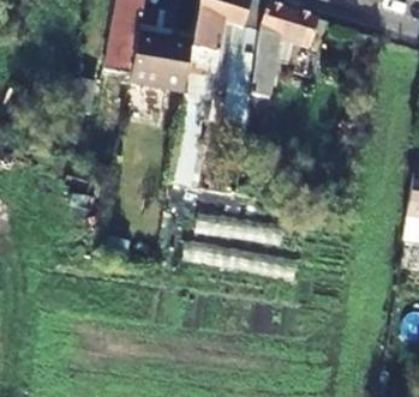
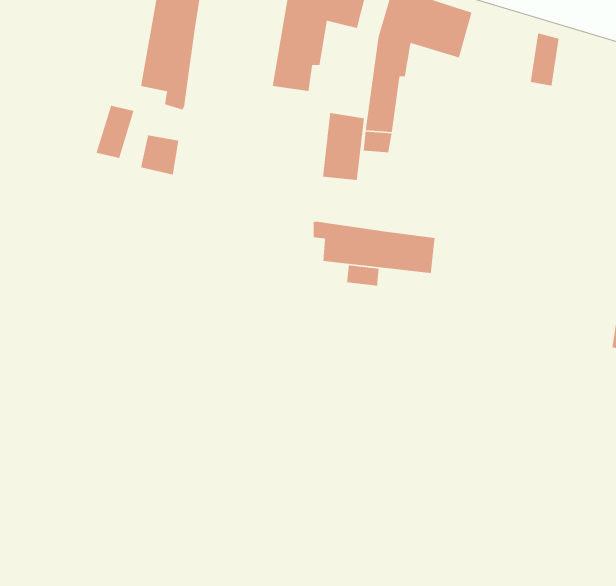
building: [132,30,193,95] -> none
building: none -> [313,221,435,274]

